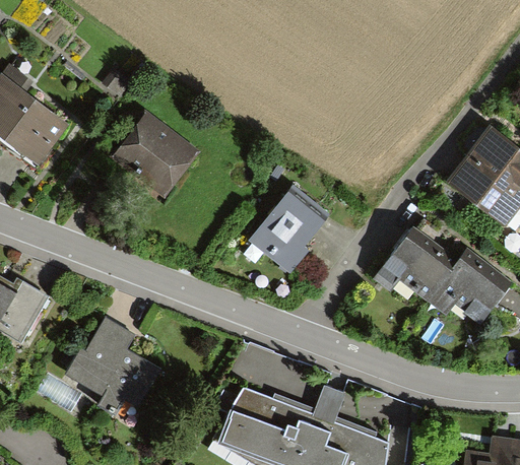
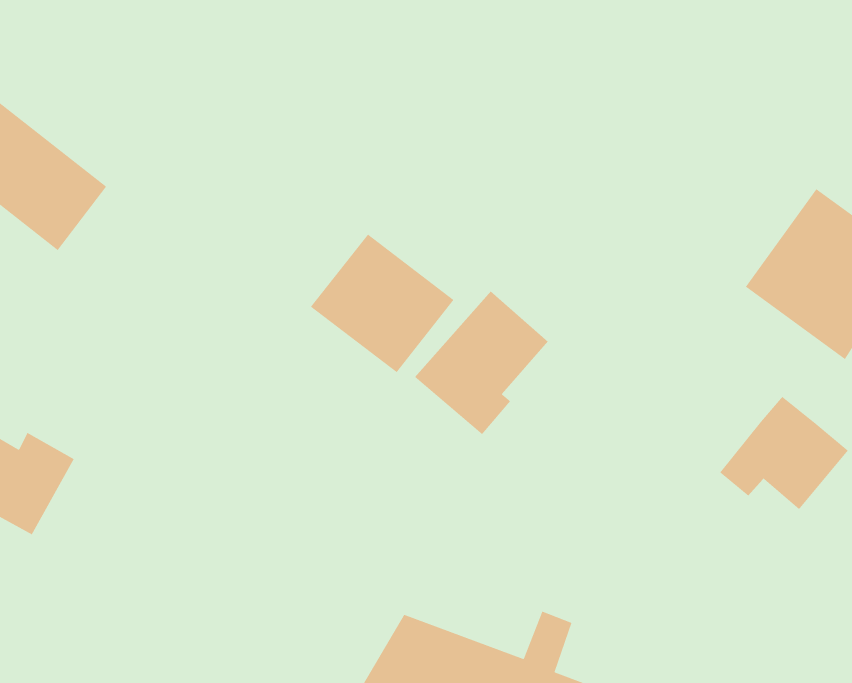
building: [113,115,199,198] -> [310,233,455,373]
building: [378,234,456,298] -> none
building: [62,314,160,406] -> none

